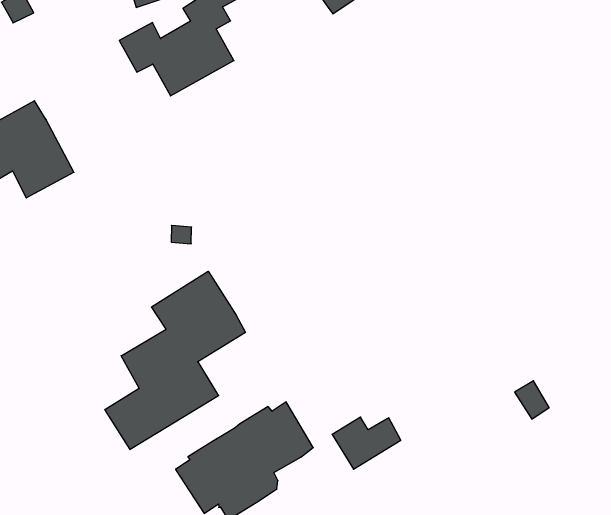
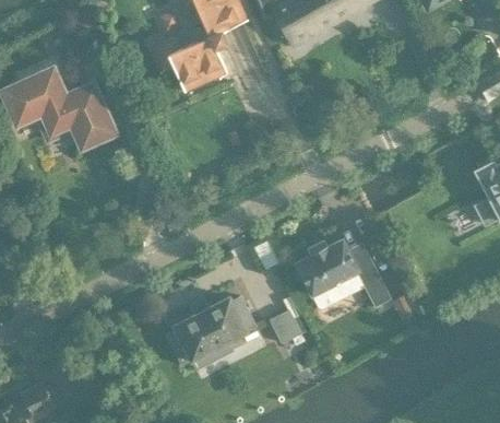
building: [105,271,245,450] -> none
building: none -> [296,239,391,310]

